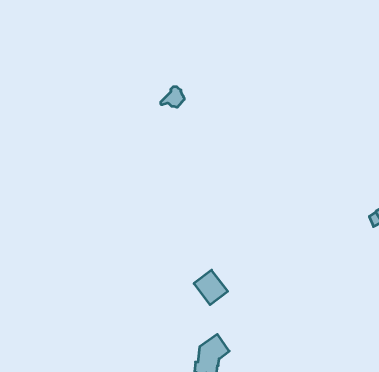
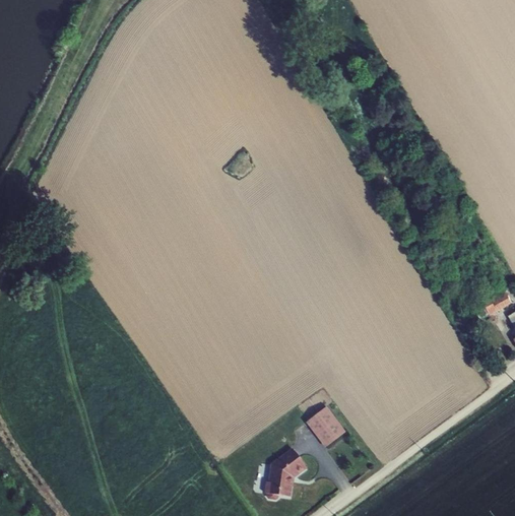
building: [194,270,228,305] -> [305,405,345,447]

